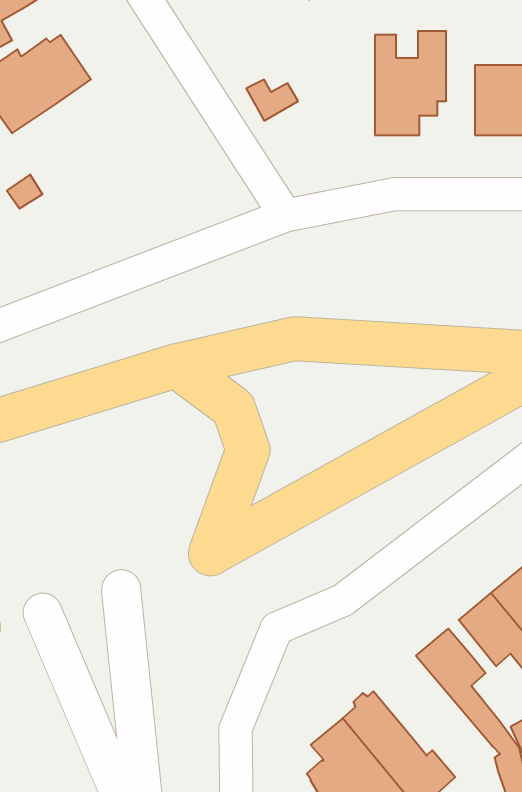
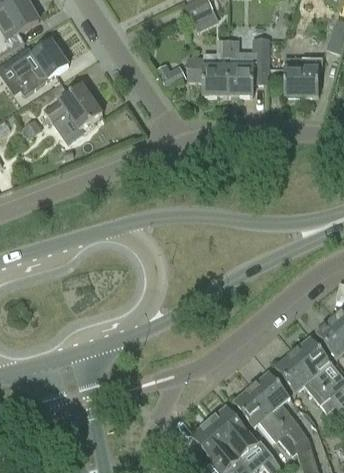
building: none -> [188,39,228,95]
building: none -> [45,83,103,143]
building: none -> [234,386,298,455]

